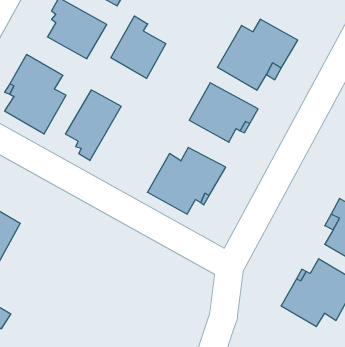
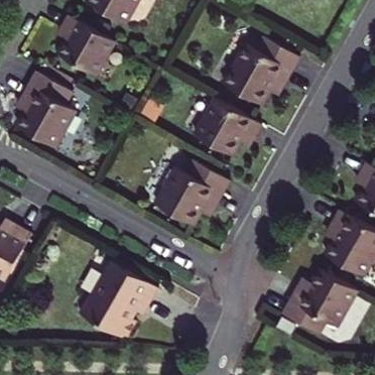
building: [111,16,166,78] -> none
building: [66,90,121,161] -> none
building: none -> [80,263,157,341]

